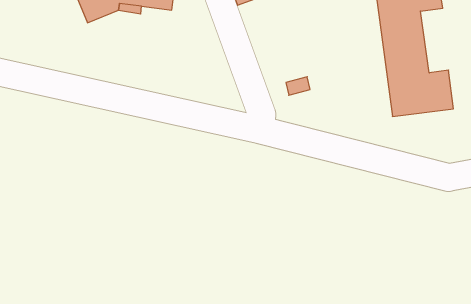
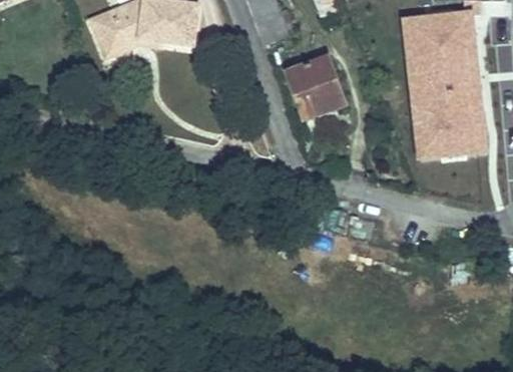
building: none -> [451,43,480,110]
building: none -> [287,53,344,114]

